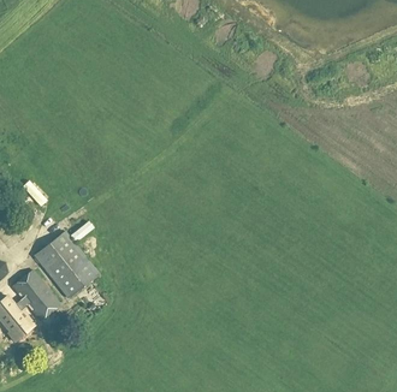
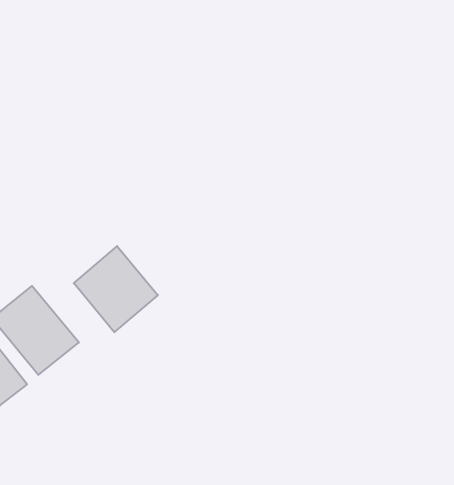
building: none -> [74,246,158,332]

